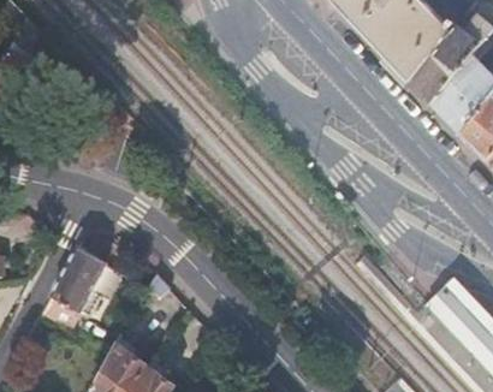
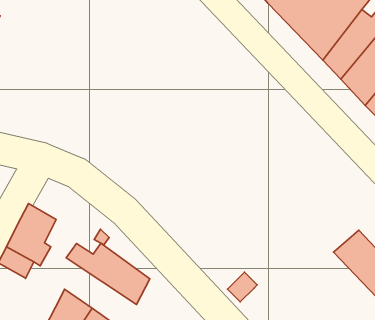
building: none -> [66,243,150,304]

